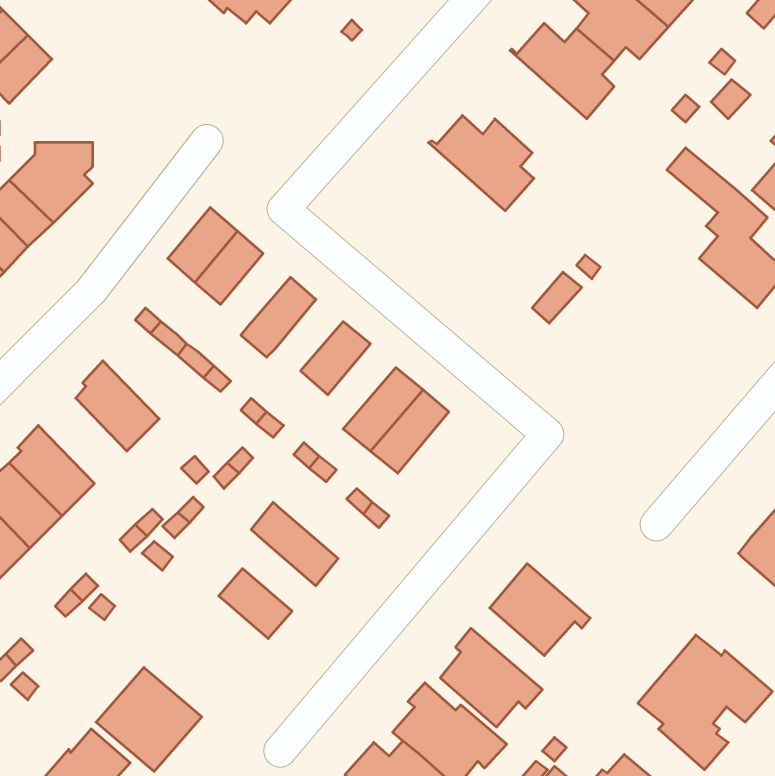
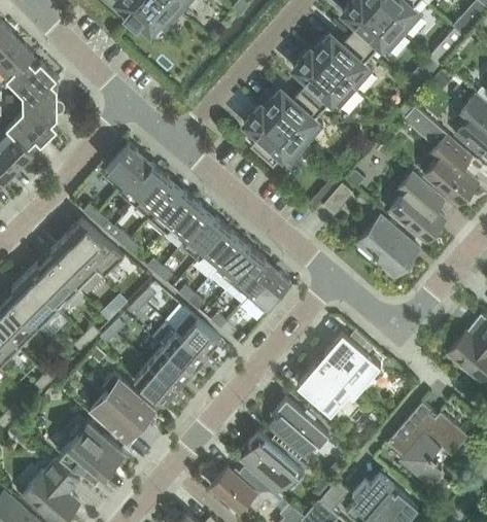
building: none -> [293,48,356,110]
building: none -> [7,54,58,104]
building: none -> [244,104,307,166]
building: none -> [135,171,177,215]
building: none -> [389,172,446,242]
building: none -> [168,199,209,242]
building: none -> [356,215,419,277]
building: none -> [64,219,125,276]
building: none -> [200,225,241,270]
building: none -> [25,258,78,310]
building: none -> [242,267,290,318]
building: none -> [170,308,220,355]
building: none -> [320,330,381,391]
building: none -> [148,346,193,387]
building: none -> [91,372,155,443]

